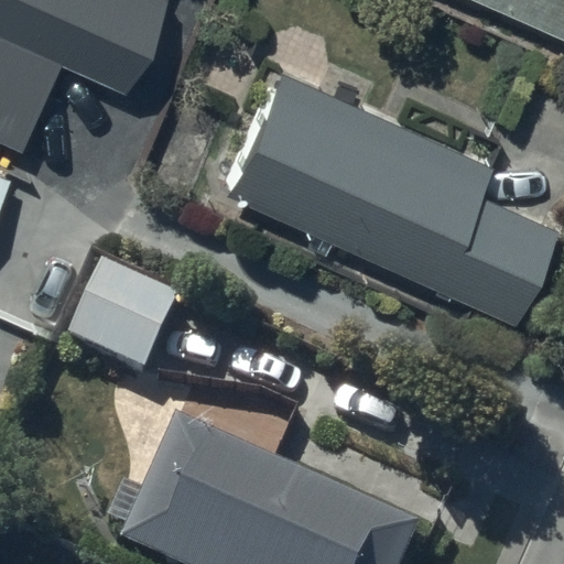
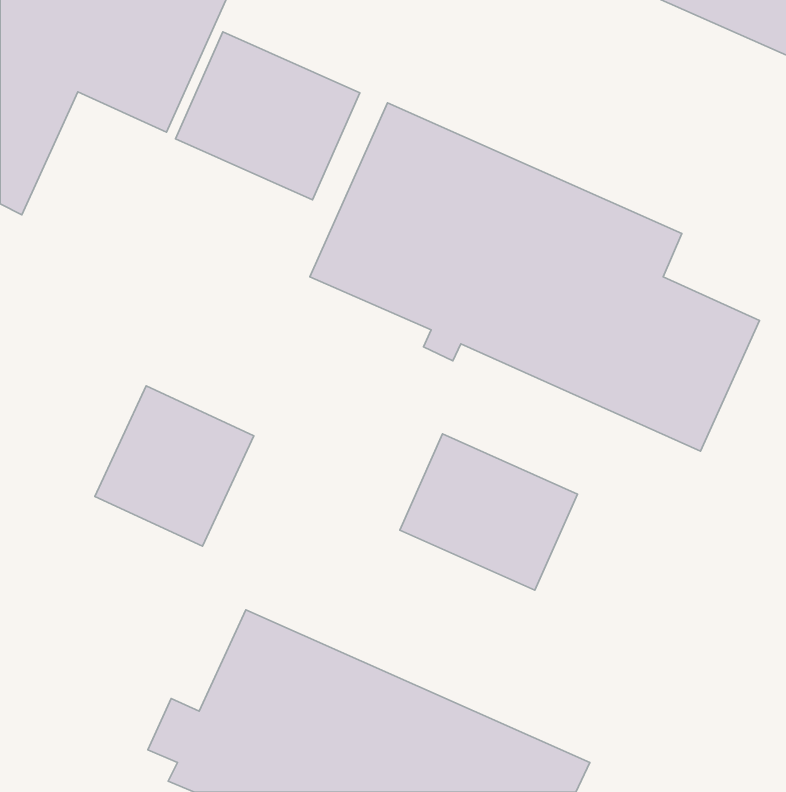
building: none -> [175,32,360,200]
building: none -> [400,434,577,590]

